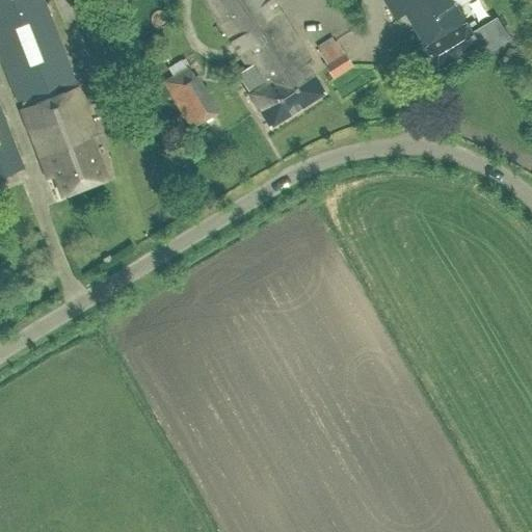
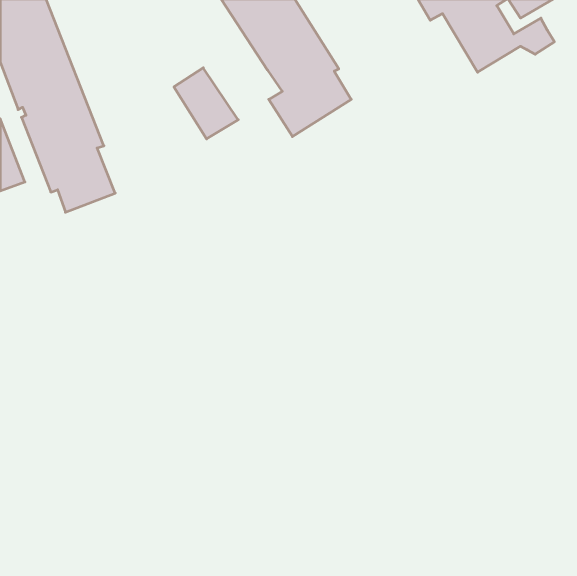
building: [317,41,352,78] -> none

